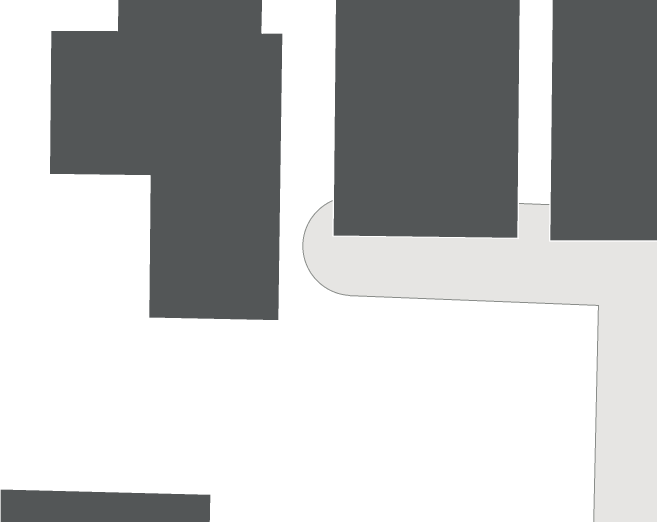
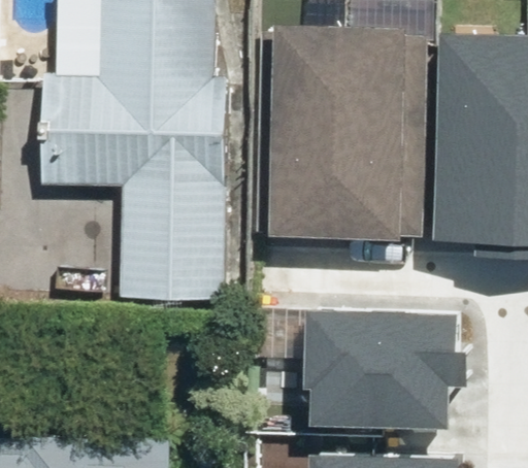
building: none -> [295,323,458,424]

